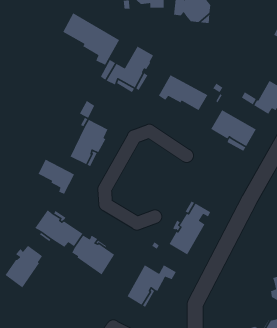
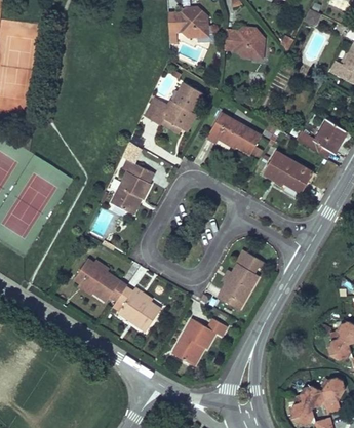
building: [62,12,120,66] -> none
building: [38,158,75,195] -> none
building: [5,245,43,289] -> none

